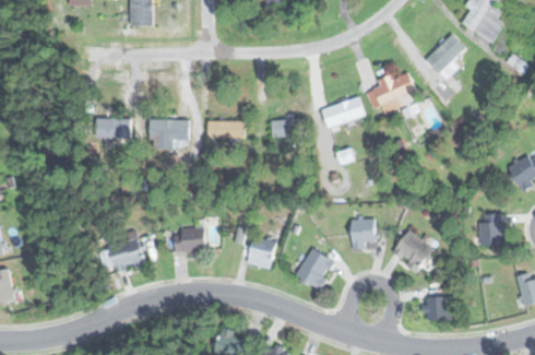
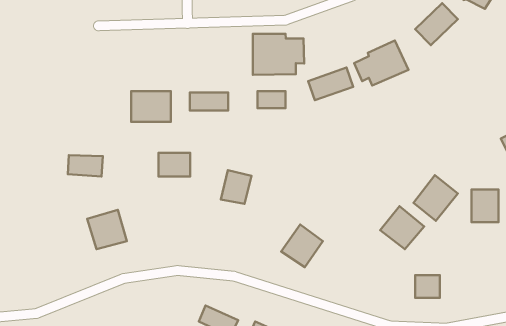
building: none -> [253,34,304,75]
building: [97,117,131,138] -> [68,155,103,177]
building: none -> [414,175,458,221]
building: [352,217,374,248] -> none
building: [175,228,205,251] -> [159,153,190,177]
building: [247,236,276,269] -> [221,170,251,204]

